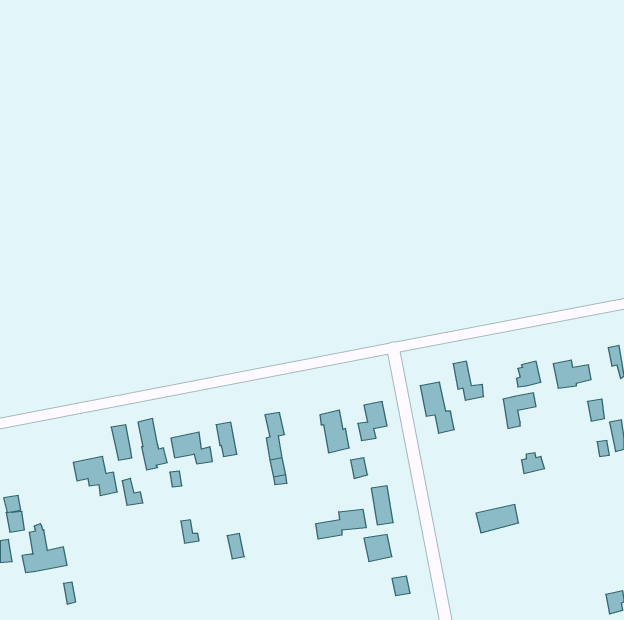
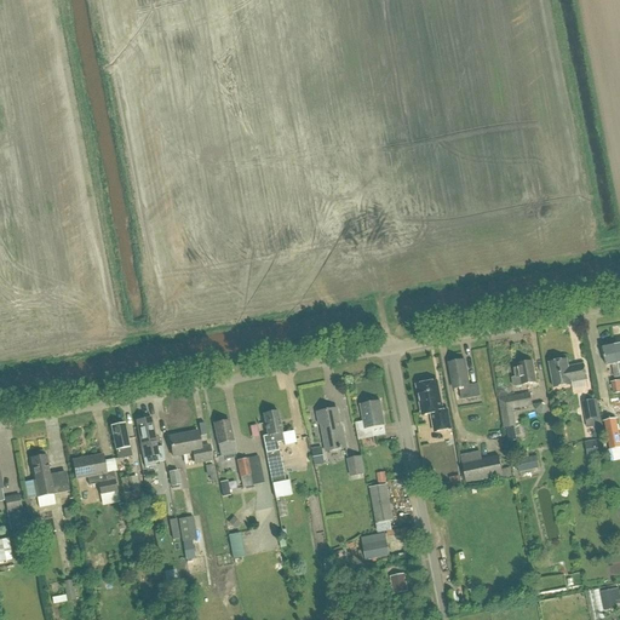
building: none -> [236,453,264,486]
building: [476,505,519,533] -> [461,453,504,481]
building: [316,509,366,539] -> none
building: [22,524,67,573] -> [24,448,69,496]

